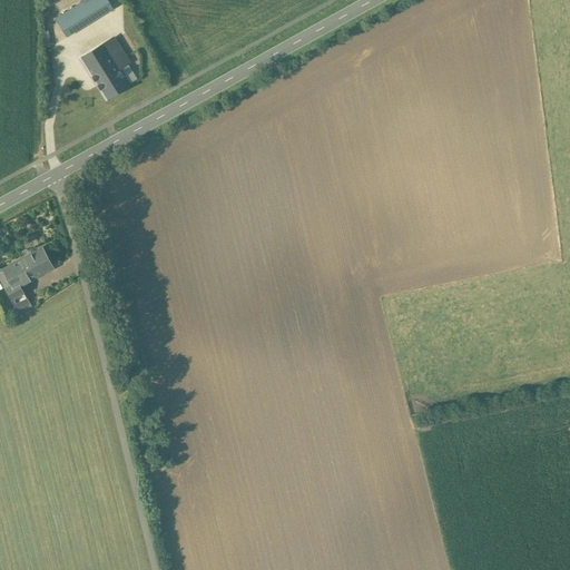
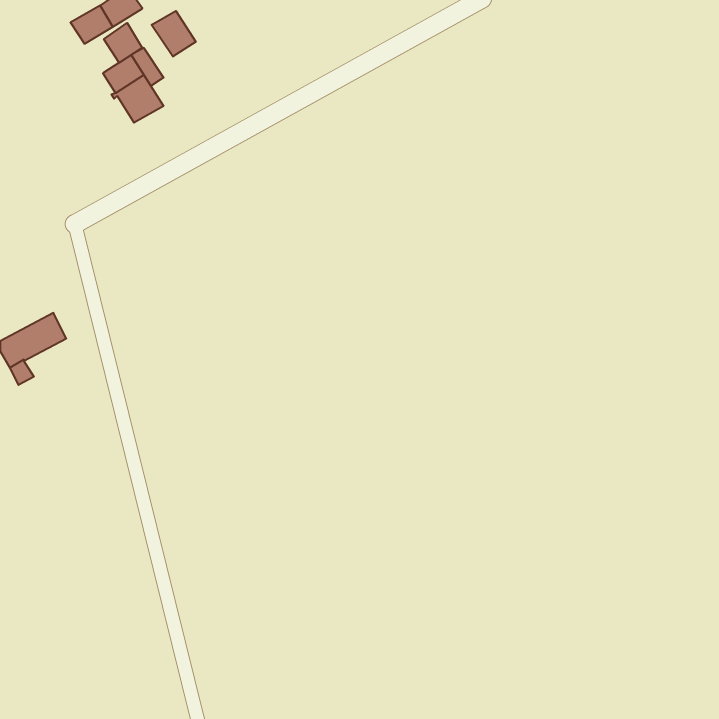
building: none -> [152,11,196,57]
building: none -> [104,23,142,63]

